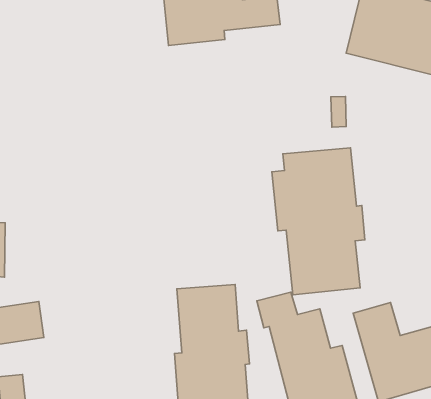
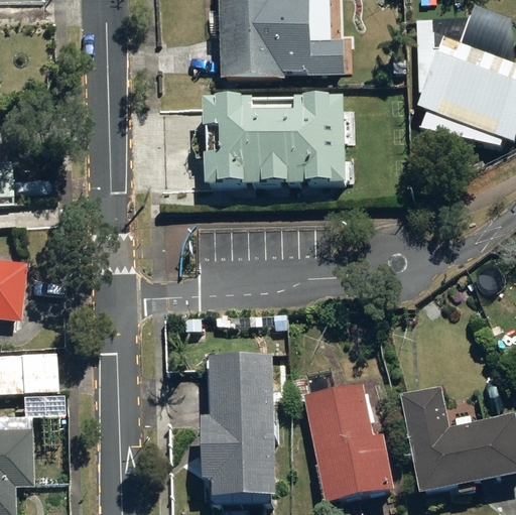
building: none -> [201,100,354,186]
building: [272,148,365,295] -> none

